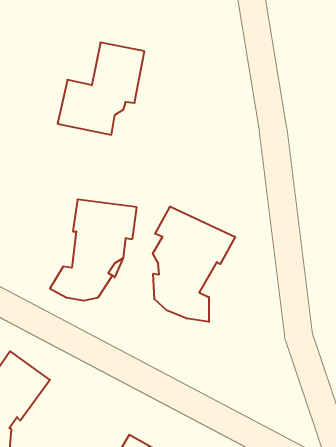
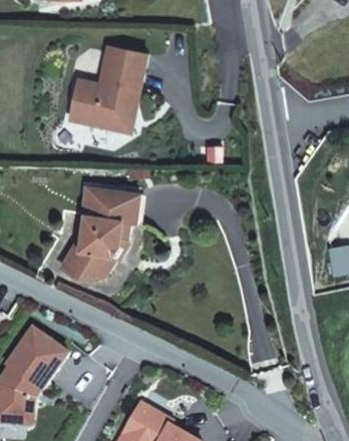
building: [153,207,235,322] -> none

